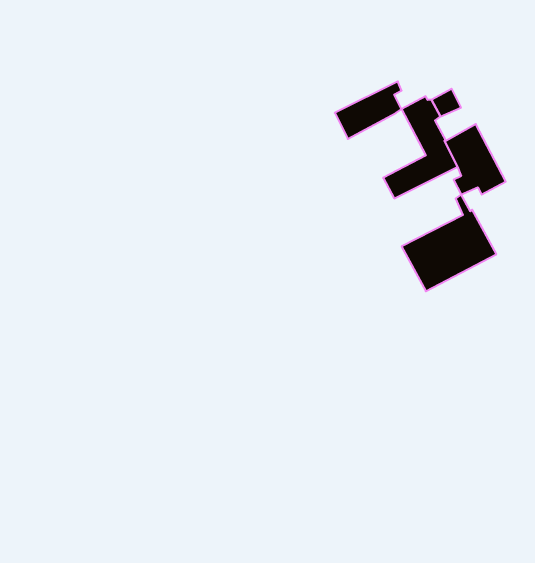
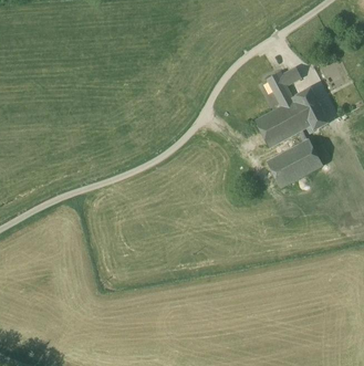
building: [335,81,402,139] -> [262,112,302,146]

